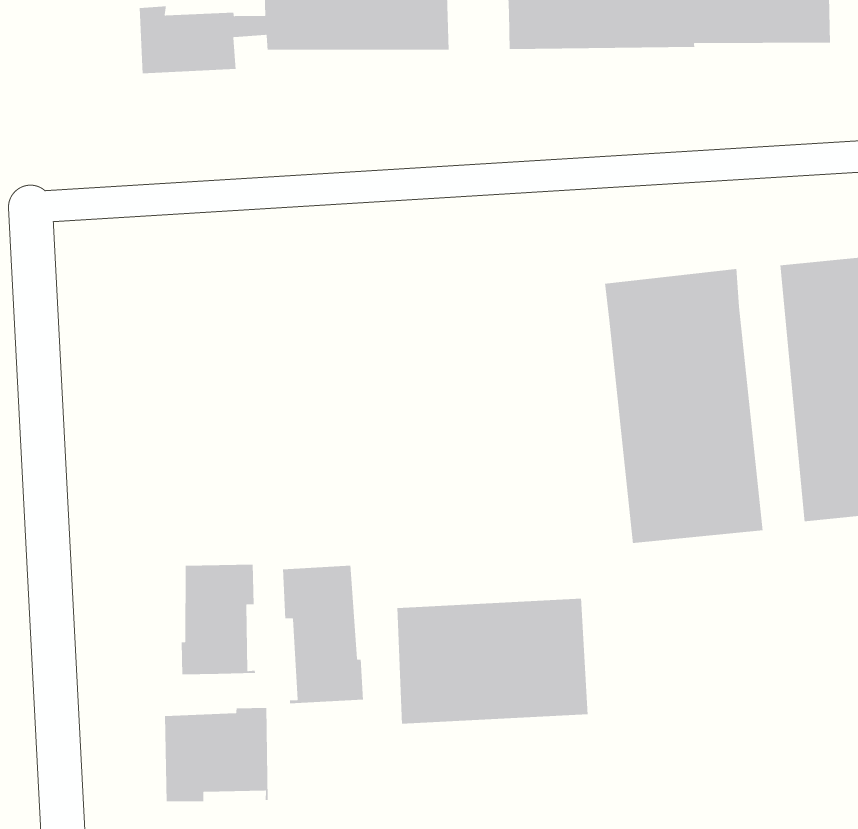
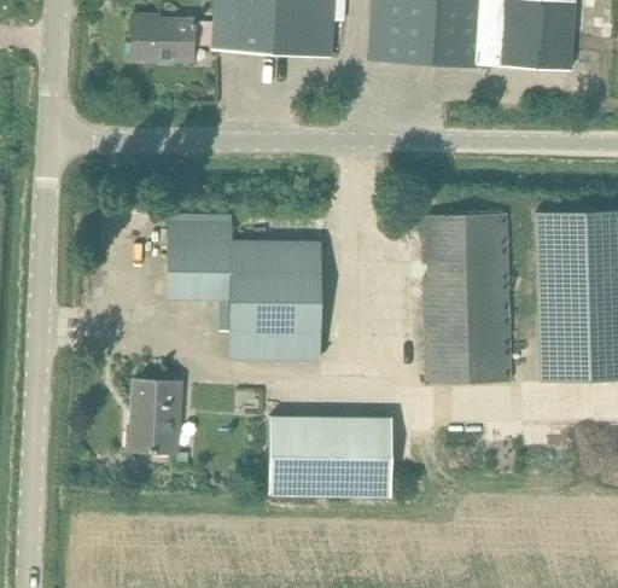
building: none -> [168,222,321,360]
building: [282,565,364,704] -> none
building: [164,707,268,802] -> none

